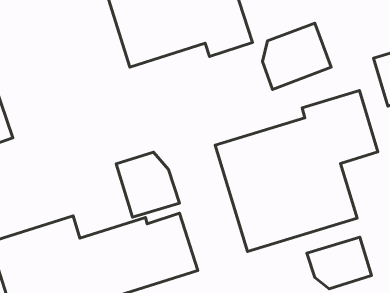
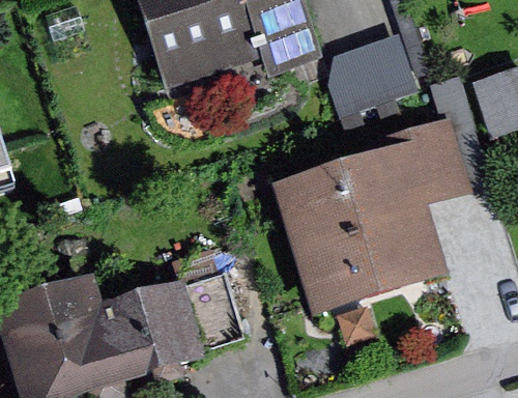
building: [116,152,179,217] -> none
building: [307,237,372,289] -> none

